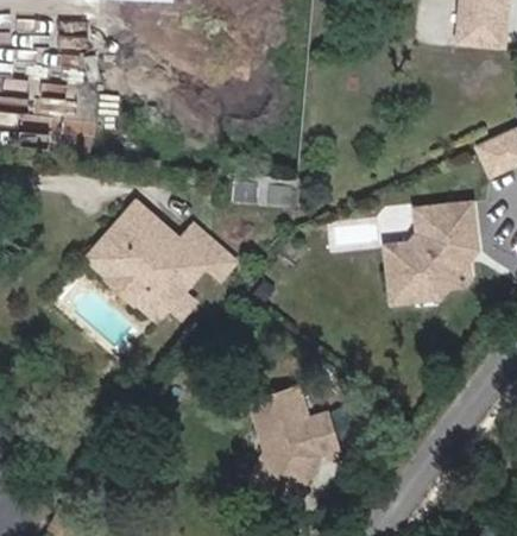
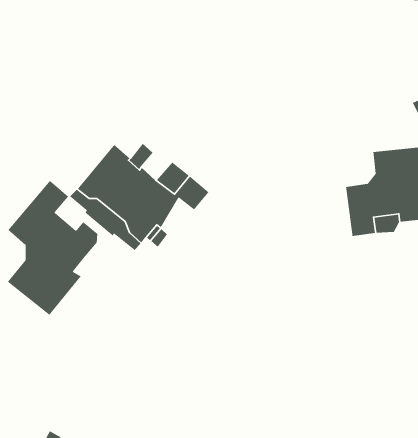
building: none -> [7,180,98,316]
building: [253,381,339,497] -> none

